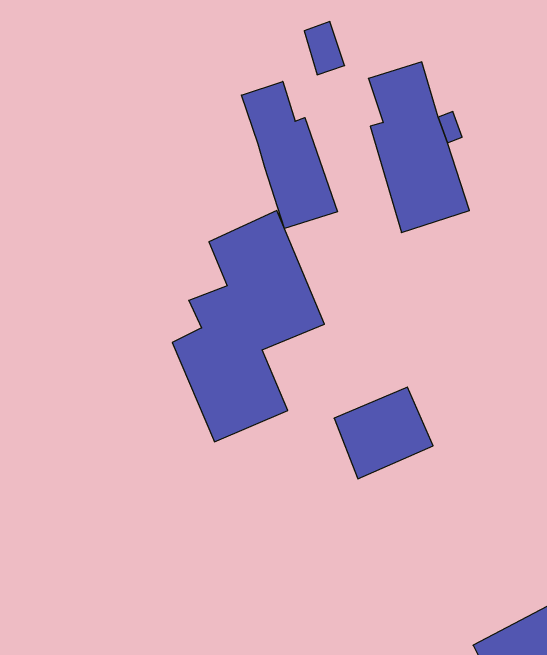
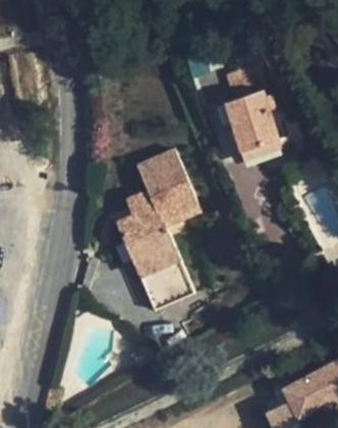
building: [241,81,337,229] -> none
building: [334,387,433,479] -> [138,259,193,310]

